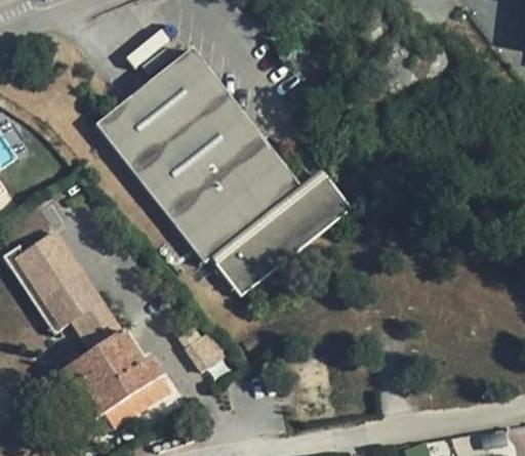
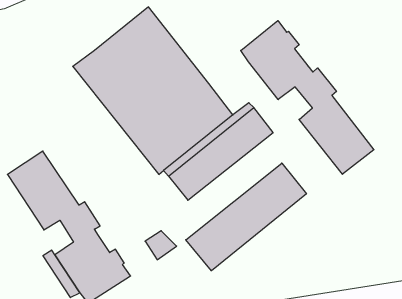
building: none -> [241,21,374,174]
building: none -> [186,163,306,271]

